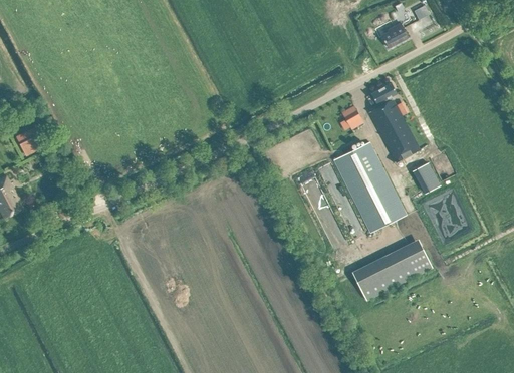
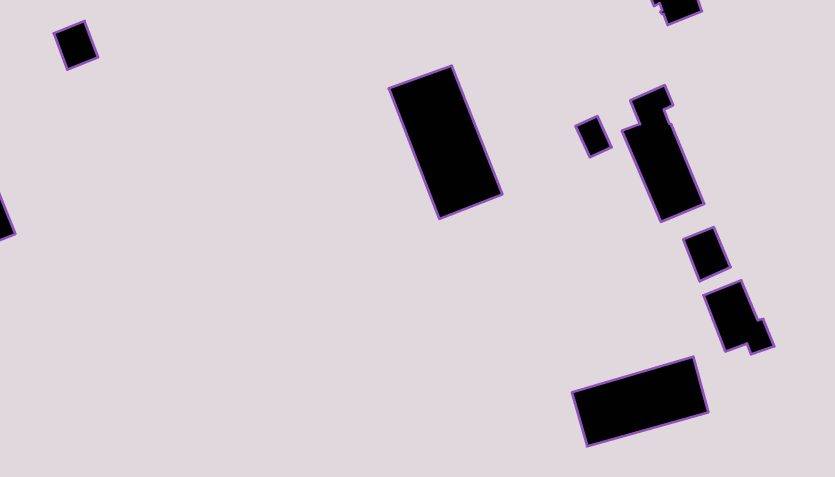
building: [16,126,43,155] -> [54,21,98,70]
building: [334,142,407,232] -> [389,66,502,219]

